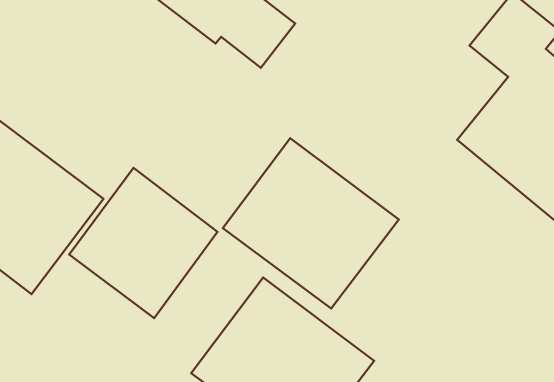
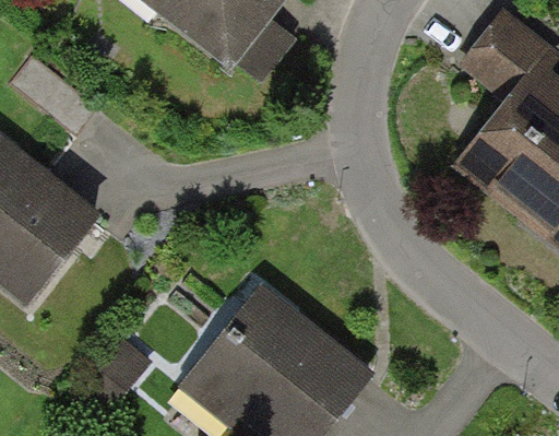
building: [223,138,399,308] -> none
building: [69,168,218,318] -> none

